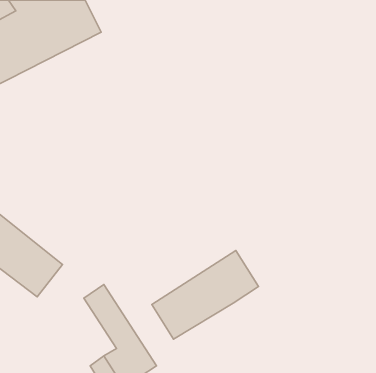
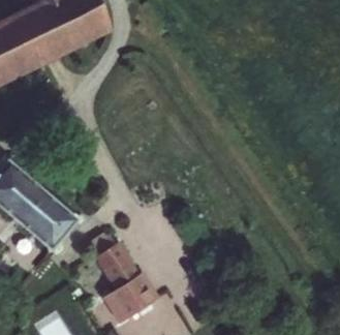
building: [152,250,259,339] -> none

